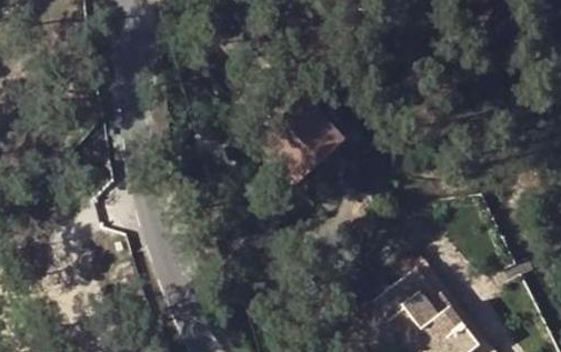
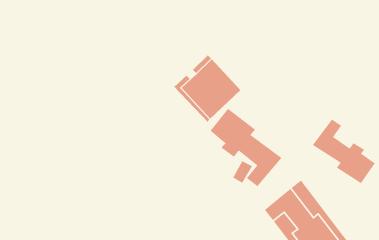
building: none -> [209,108,283,187]
building: none -> [312,119,376,184]

